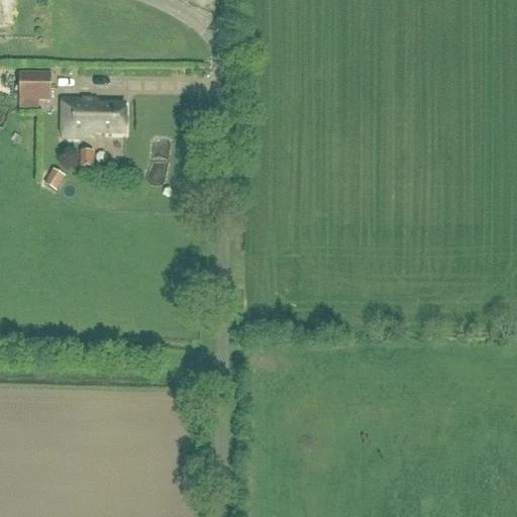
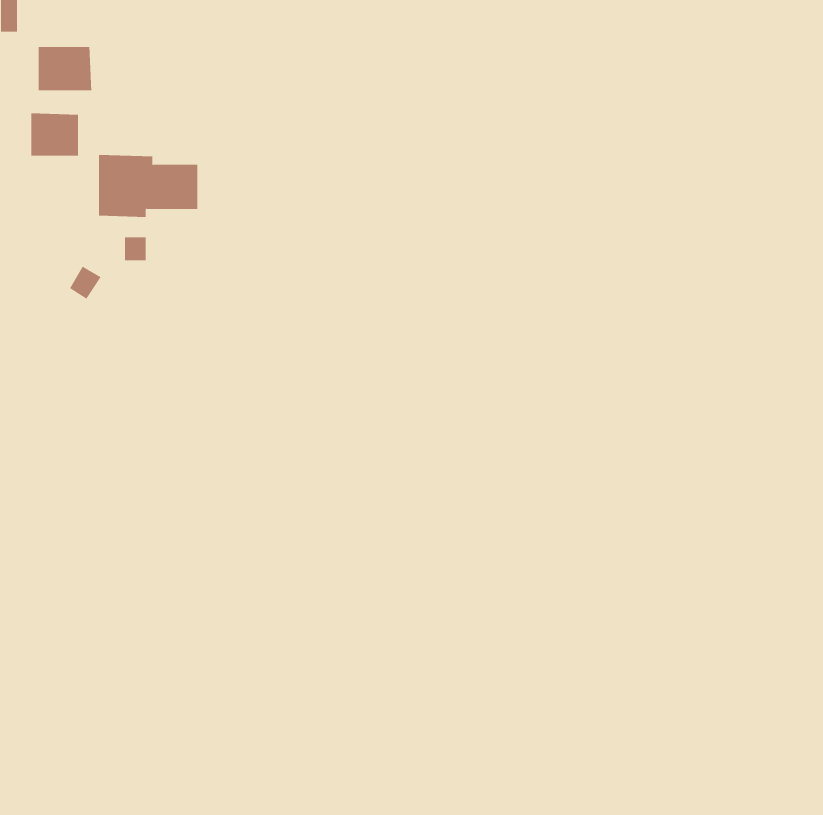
building: none -> [38,46,92,91]

